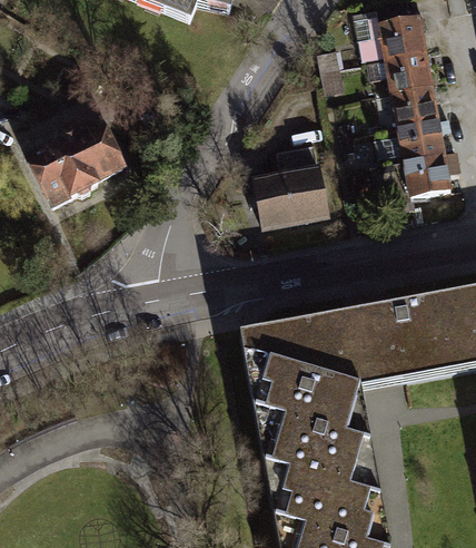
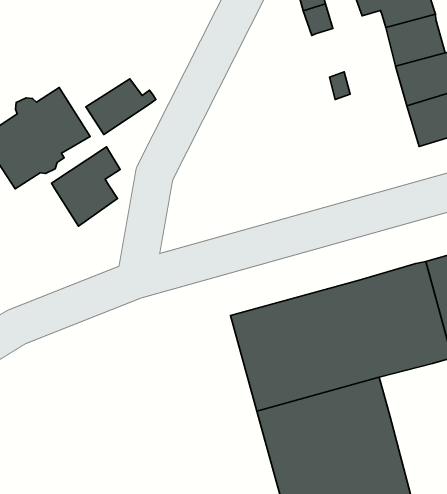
building: none -> [86,79,156,135]
building: [250,138,334,228] -> none
building: none -> [51,147,120,226]

